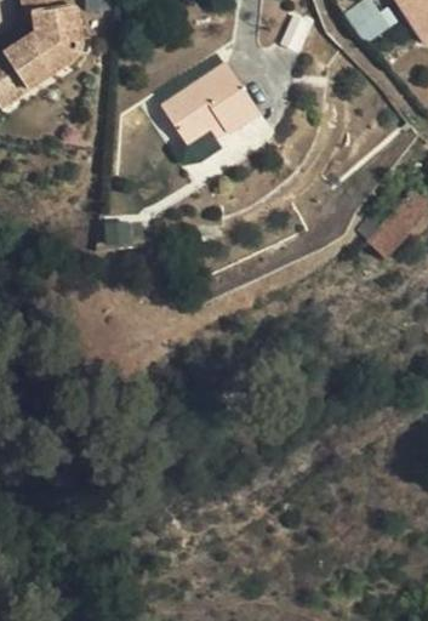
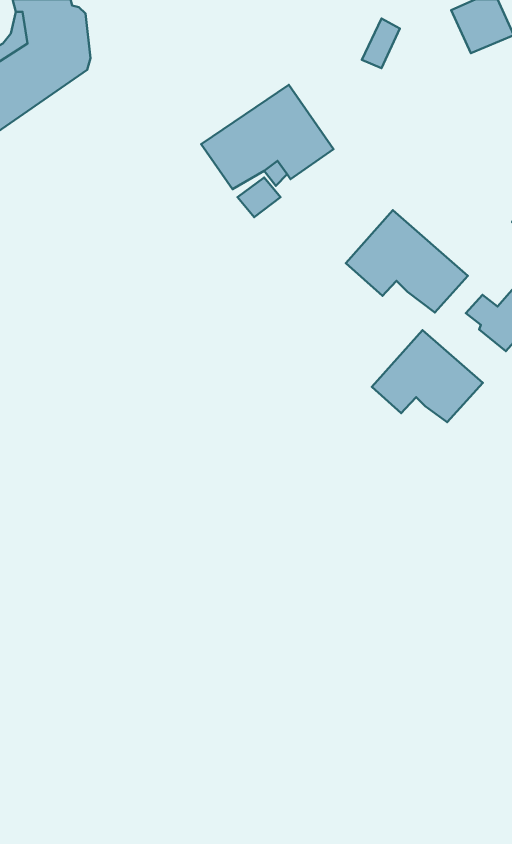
building: none -> [346,210,468,312]
building: none -> [372,330,483,422]

